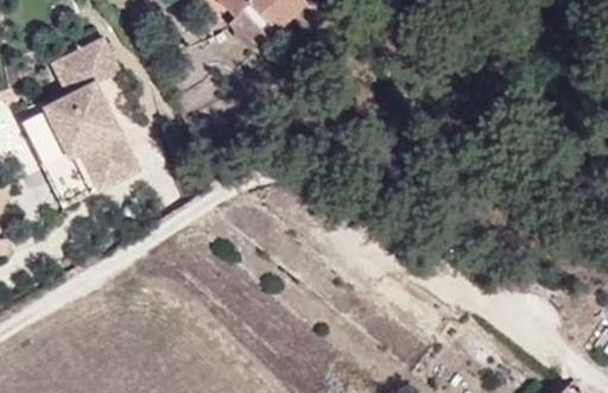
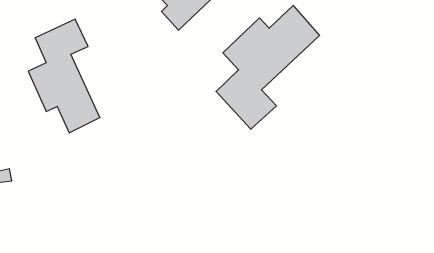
building: none -> [216,5,320,129]

